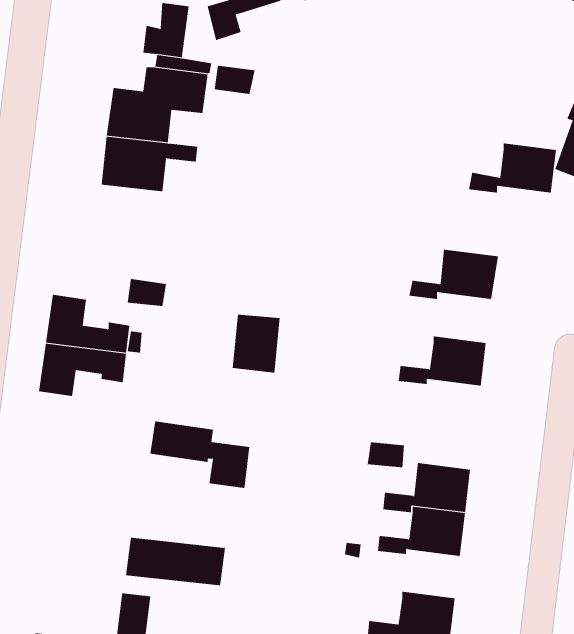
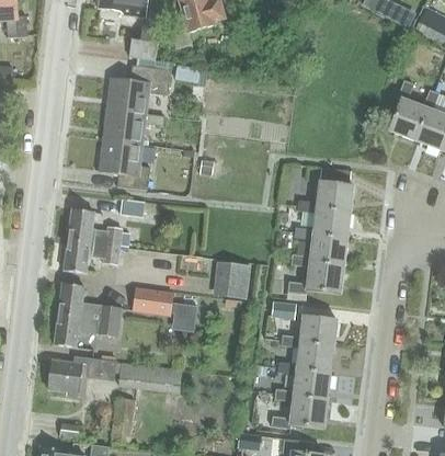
building: [468,143,557,193] -> [294,207,350,239]
building: none -> [99,139,150,190]
building: [232,314,281,373] -> [219,263,250,300]
building: none -> [287,262,343,294]
building: none -> [54,283,121,347]
building: none -> [48,355,116,397]
building: none -> [274,369,330,400]

